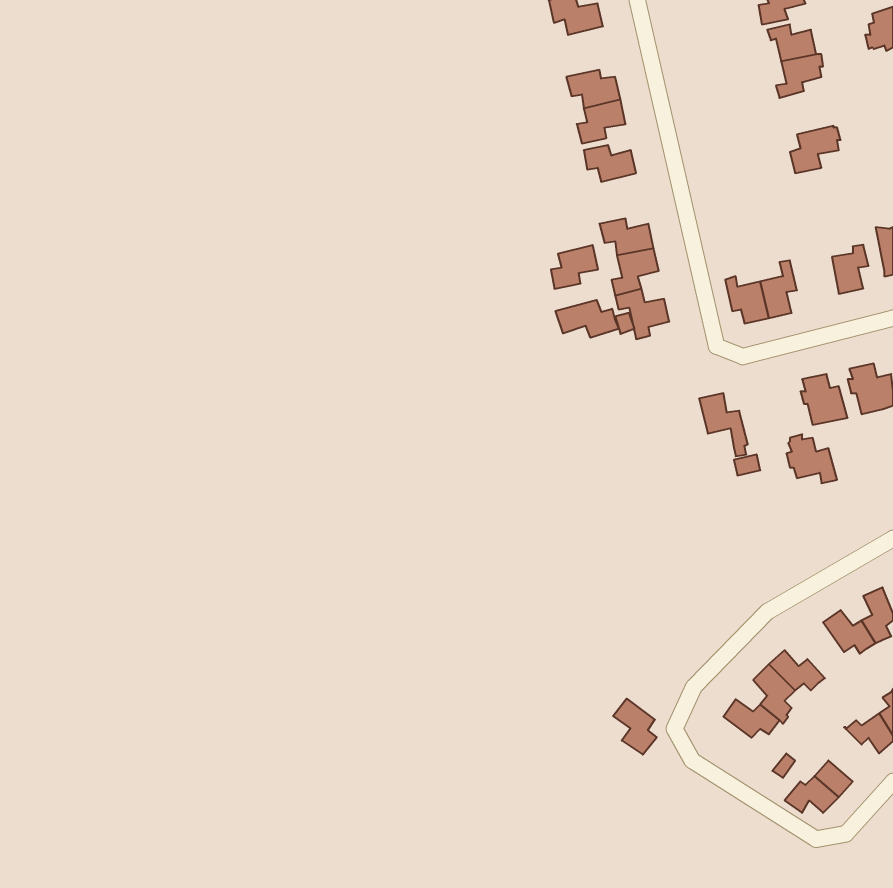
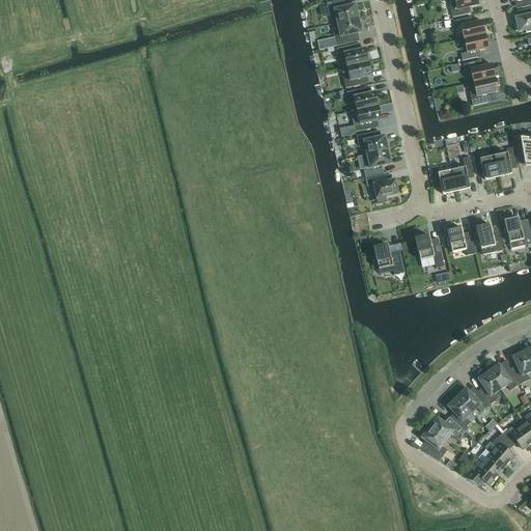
building: none -> [333,16,361,44]
building: none -> [463,58,495,80]
building: [551,245,598,289] -> [353,103,381,129]
building: none -> [473,152,498,177]
building: [556,300,619,338] -> none
building: none -> [373,243,404,272]
building: [786,434,837,483] -> [446,224,476,253]
building: none -> [477,369,501,402]
building: [613,699,657,755] -> [421,425,447,458]
building: none -> [492,431,514,464]

